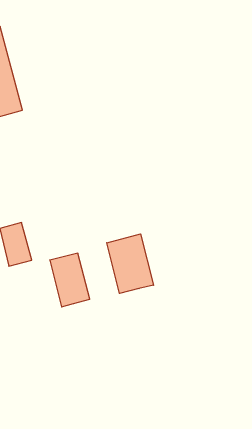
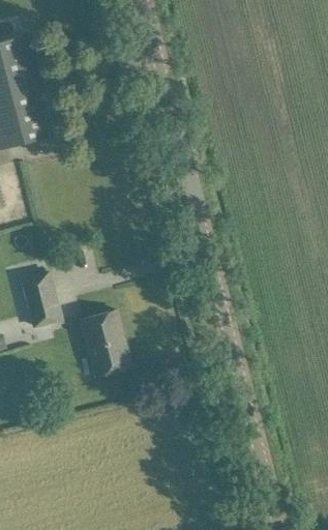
building: [107,234,154,293] -> none

